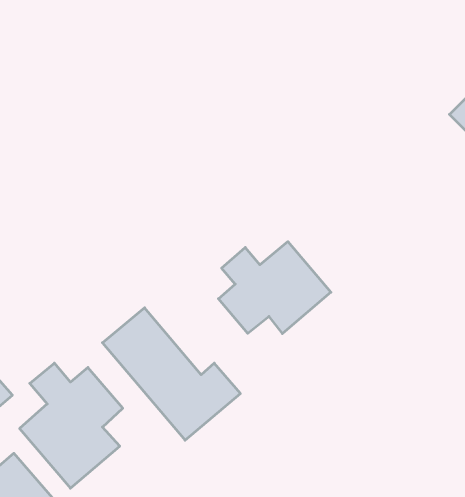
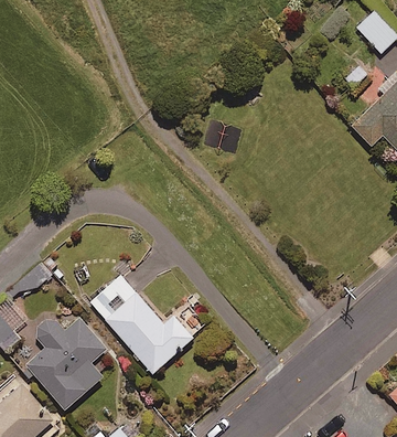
building: [218,242,331,334] -> none

